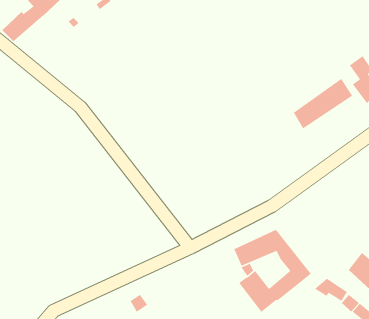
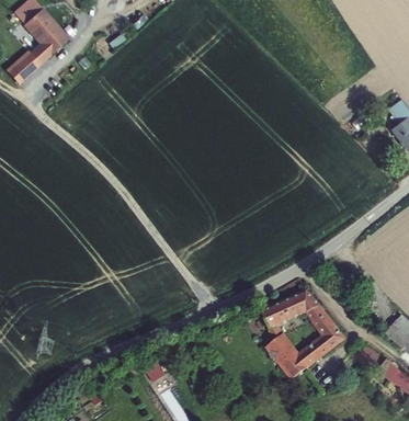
building: [293,78,353,130] -> none

